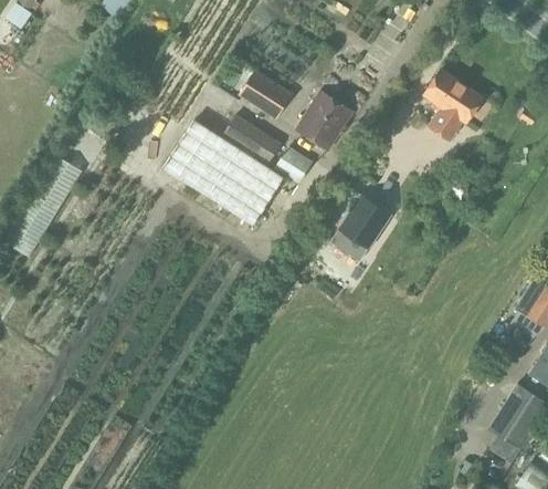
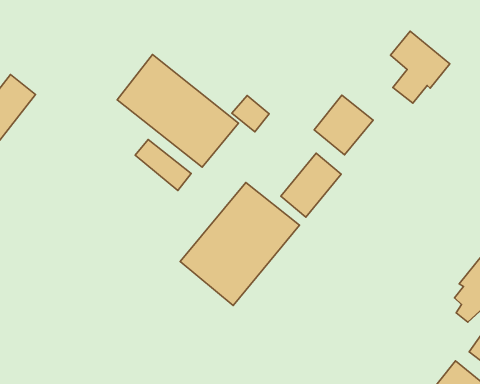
building: [239,69,292,118] -> none
building: [297,92,354,149] -> [314,95,373,155]
building: [225,117,282,164] -> [135,139,191,190]
building: none -> [180,182,300,306]

